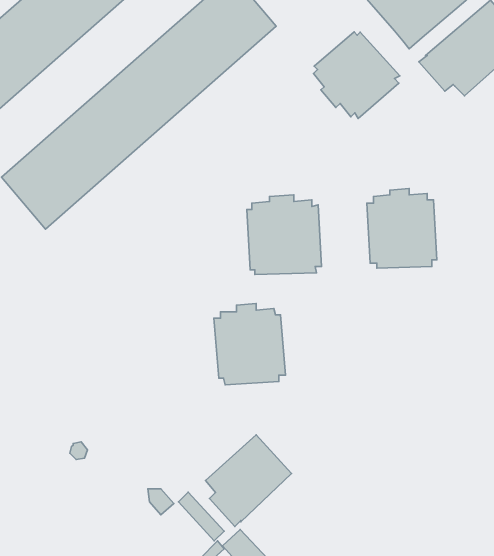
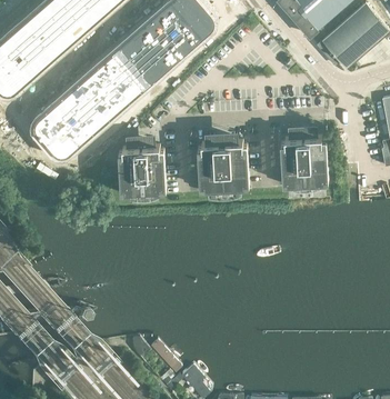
building: [313,32,400,118] -> none
building: [214,304,285,385] -> [118,141,167,197]
building: [206,435,292,527] -> none

